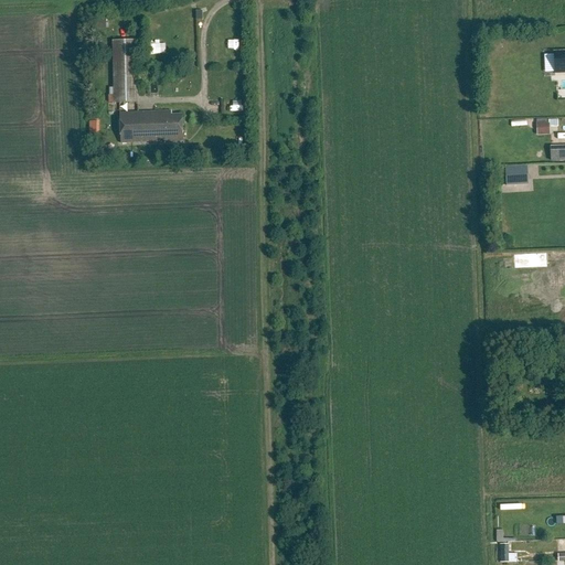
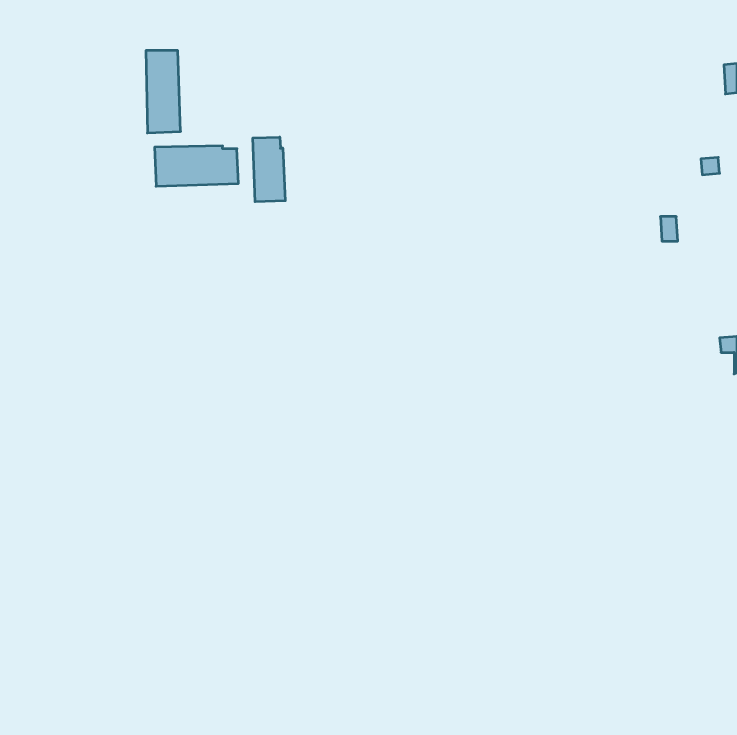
building: none -> [253,137,285,202]

